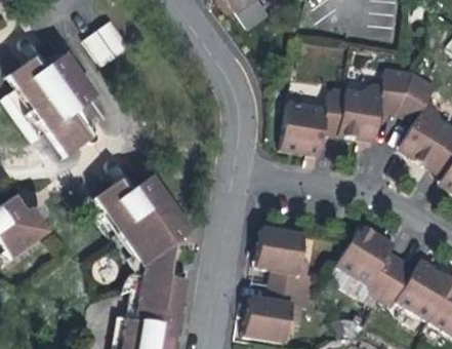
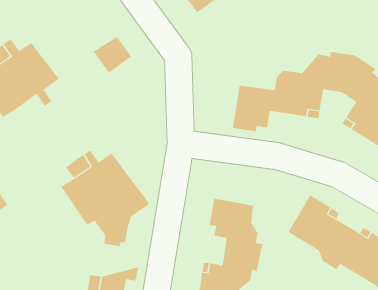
building: [84,23,127,64] -> [93,36,132,73]
building: [46,115,84,156] -> none
building: [134,274,184,315] -> none

